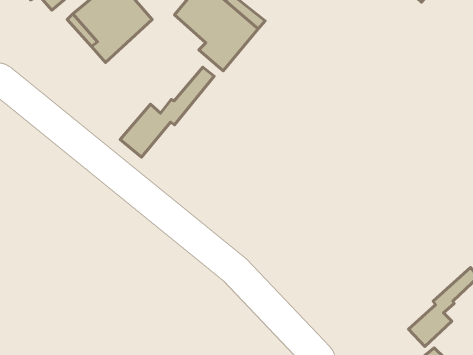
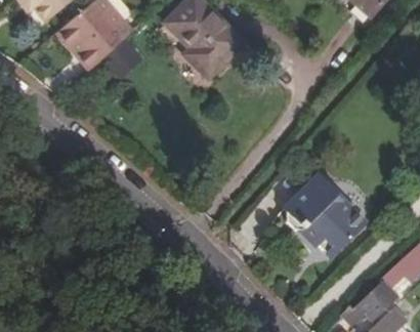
building: [120,67,214,157] -> none
building: none -> [285,173,366,258]

